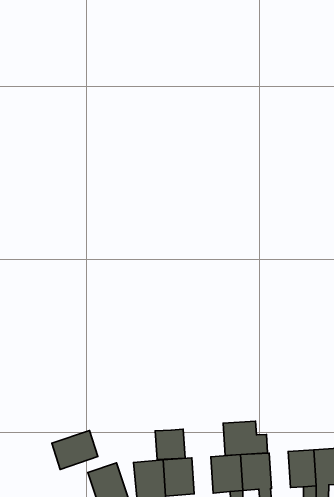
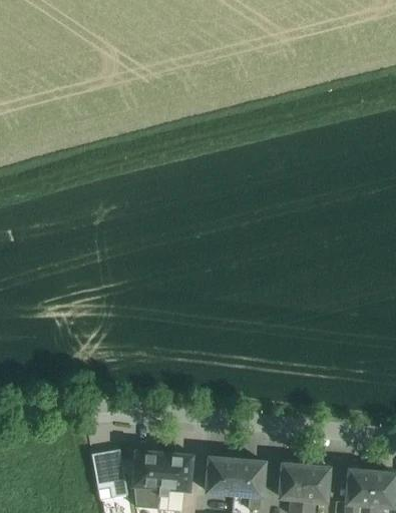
building: [223,421,268,455] -> none
building: [155,429,185,460] -> none
building: [52,431,98,469] -> none

